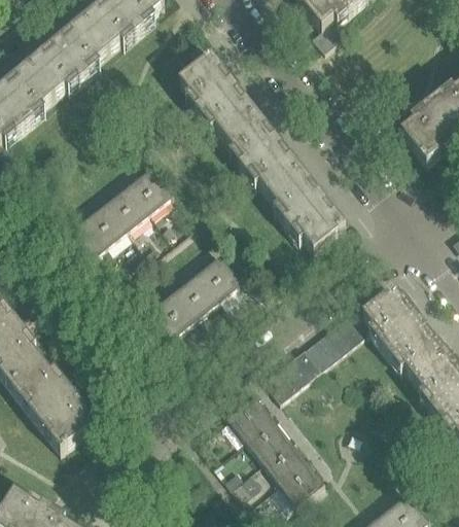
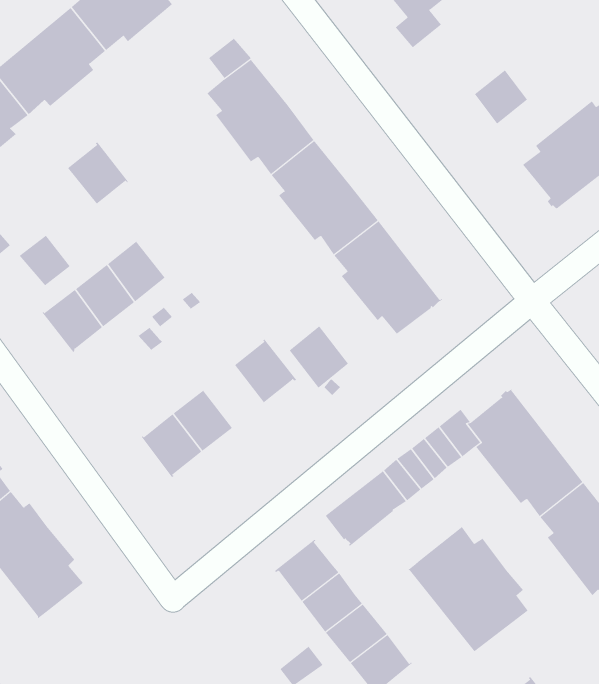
building: none -> [474,69,528,124]
building: [129,166,172,210] -> [67,142,129,205]
building: none -> [19,235,71,286]
building: [176,272,218,316] -> [289,326,349,388]
building: none -> [406,526,529,652]

